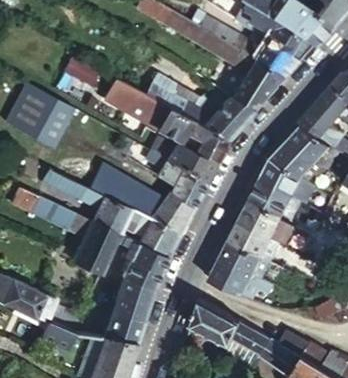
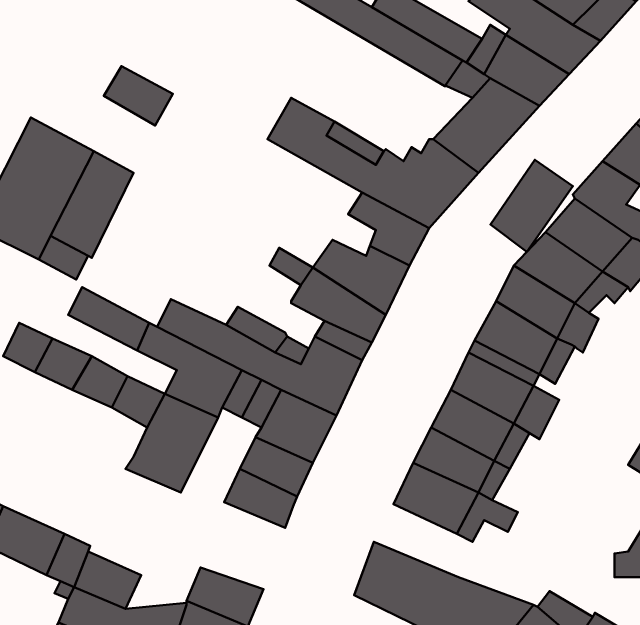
building: [118,84,193,142] -> none
building: none -> [491,160,573,252]
building: [111,278,154,322] -> none

